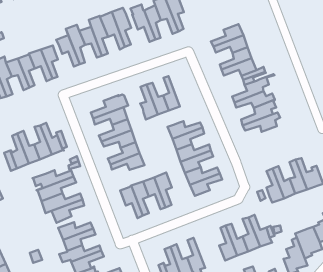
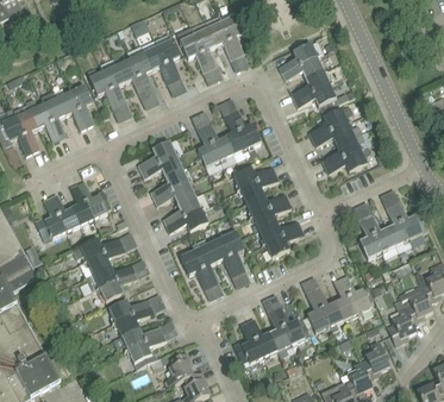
building: none -> [230,109,262,156]
building: none -> [275,306,311,344]

